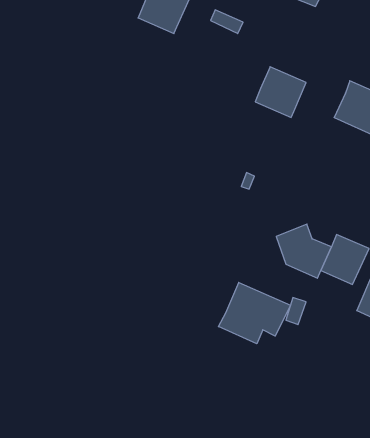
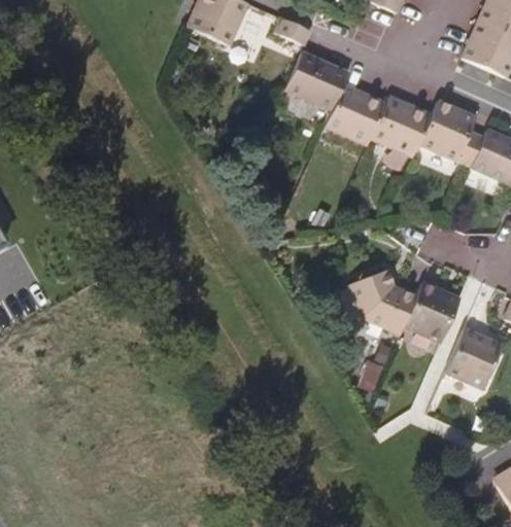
building: none -> [283,51,348,109]
building: none -> [371,96,432,155]
building: [218,282,291,344] -> none

